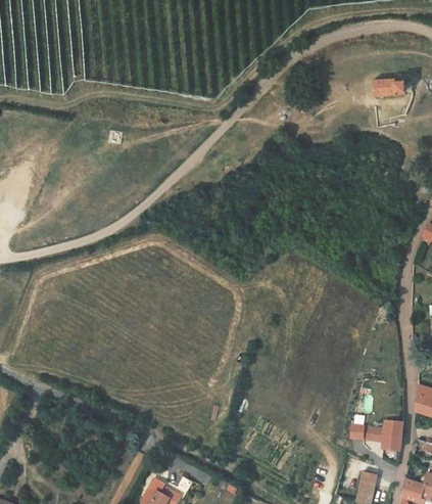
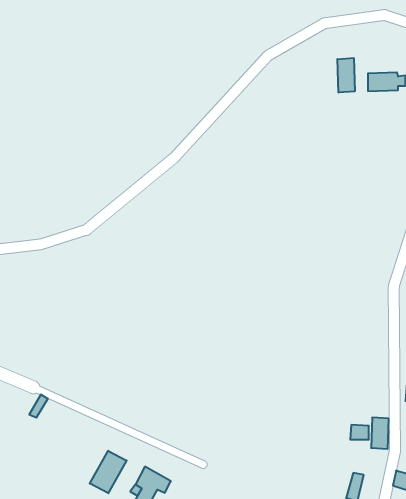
building: none -> [337,58,355,93]
building: none -> [90,451,127,493]

